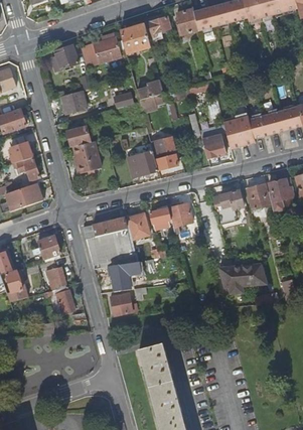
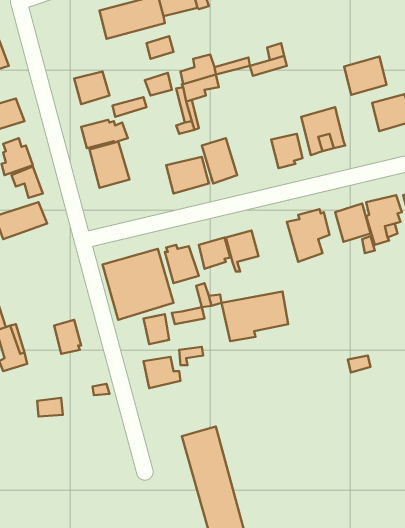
building: [52,45,78,71] -> none
building: [248,113,278,140] -> [344,56,387,95]
building: [33,238,59,262] -> none
building: [220,259,268,294] -> [222,292,288,341]
building: [44,287,74,315] -> none

